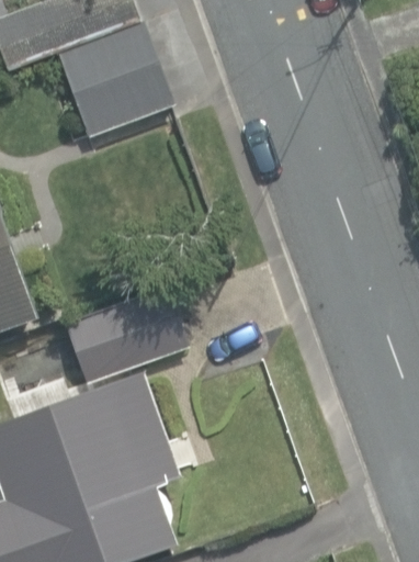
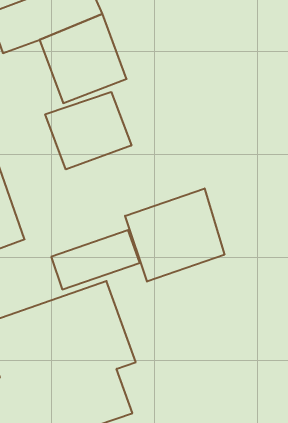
building: none -> [45,92,131,169]
building: none -> [125,188,224,282]

